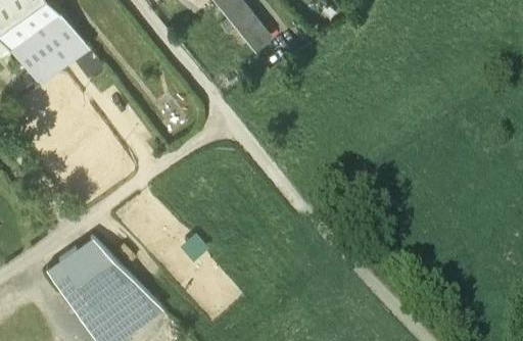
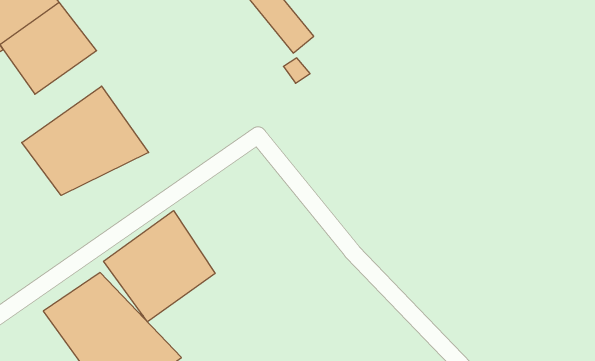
building: none -> [22,86,149,195]
building: none -> [104,211,215,322]

